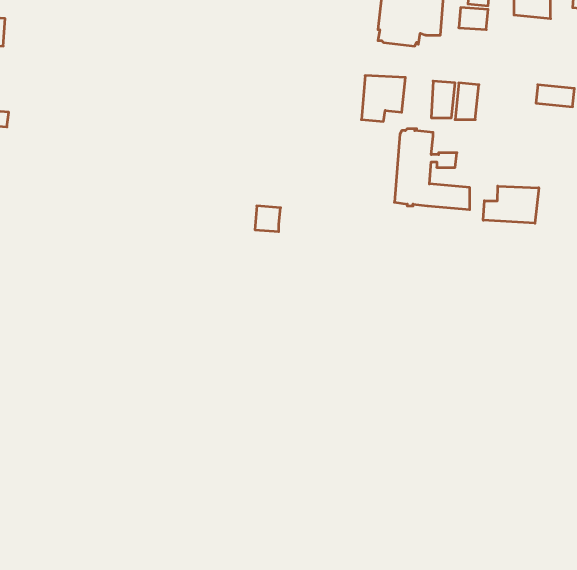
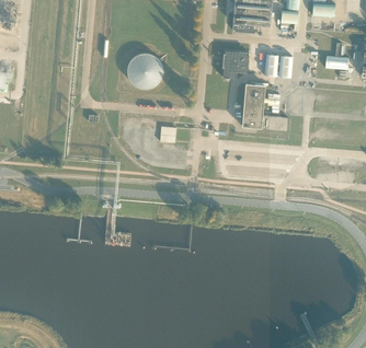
building: none -> [127,55,163,90]
building: [483,186,539,223] -> none

